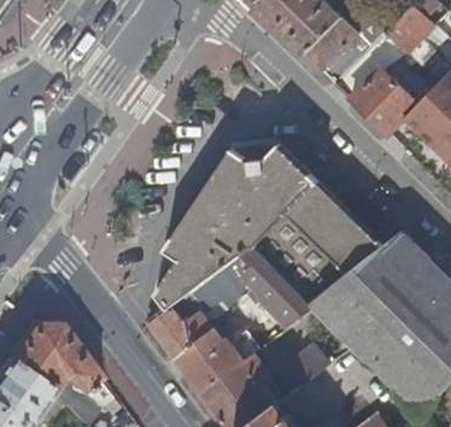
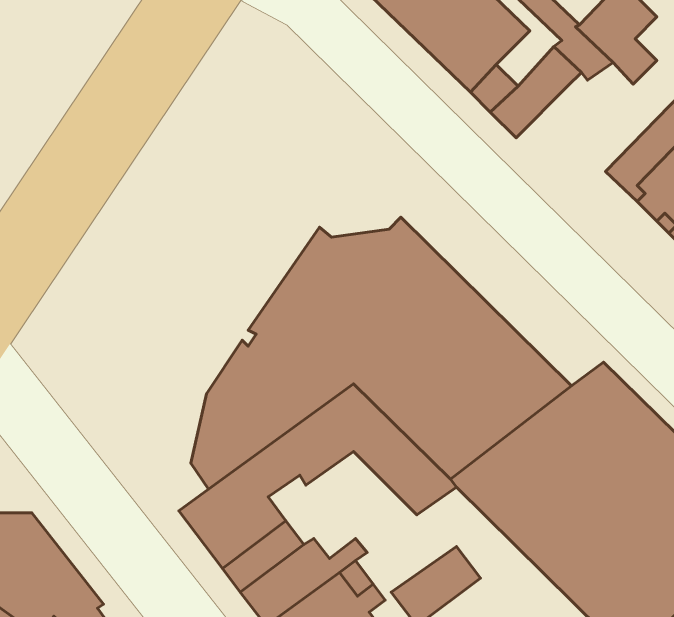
building: [350,67,414,134] -> none

